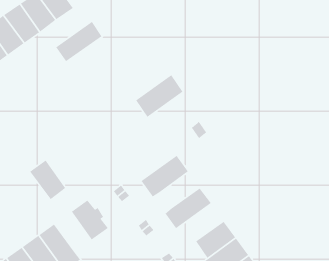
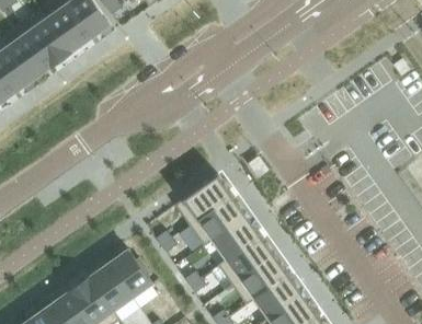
building: [55,21,102,62] -> none
building: [135,74,183,118] -> [175,176,232,228]
building: [29,159,66,200] -> [88,264,132,312]
building: none -> [213,217,260,259]
building: none -> [231,254,288,305]

